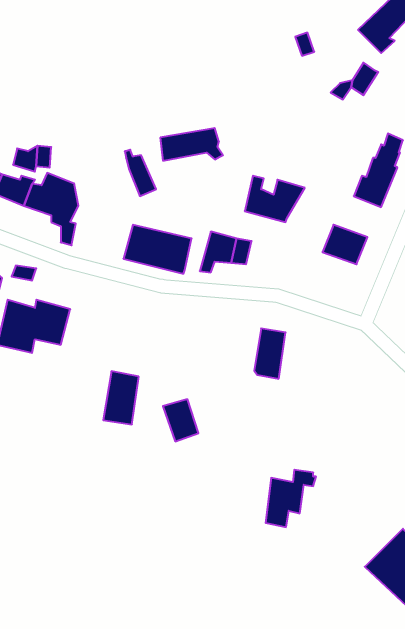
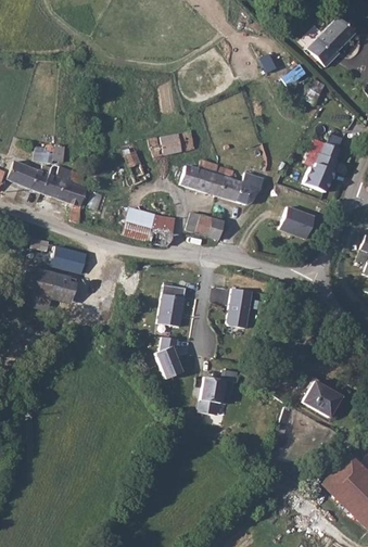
building: none -> [180,161,225,195]
building: none -> [52,246,87,274]
building: [103,371,139,424] -> [156,284,185,327]
building: none -> [304,383,341,418]
building: [266,470,316,527] -> [199,370,239,416]

